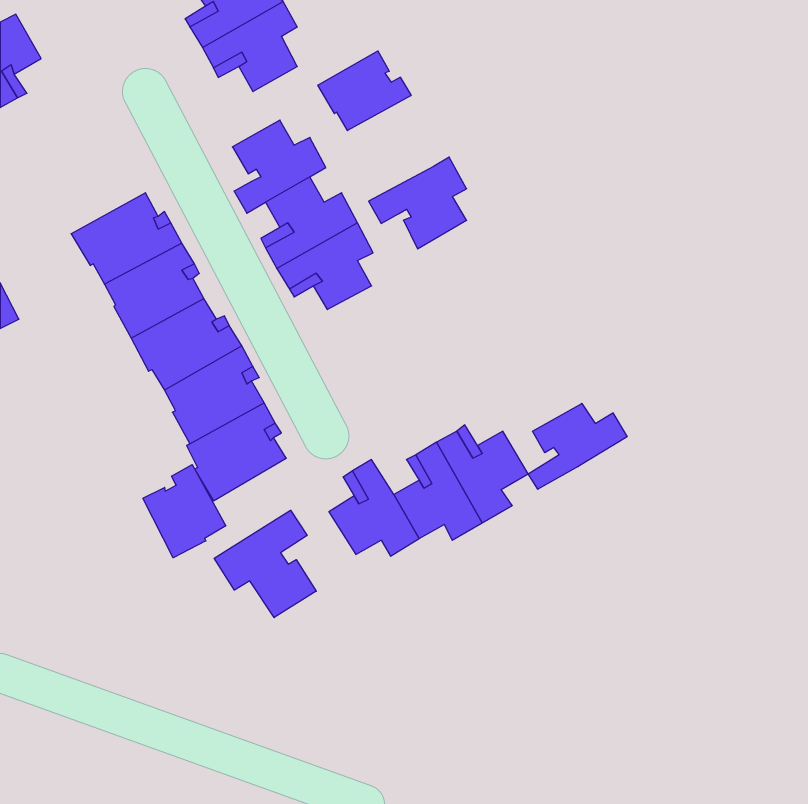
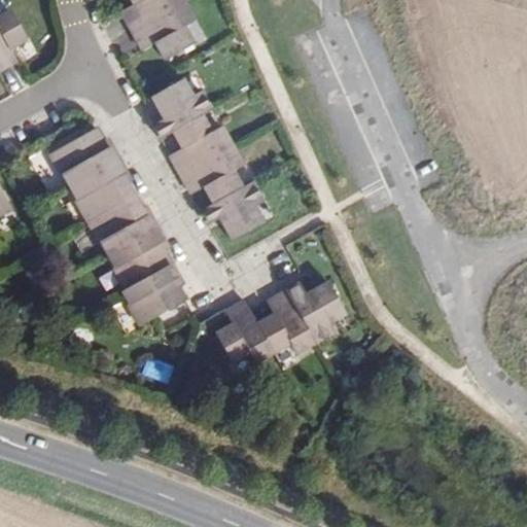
building: [318,51,411,131] -> none
building: [369,157,467,249] -> [200,180,264,240]
building: [528,403,627,489] -> none
building: [143,465,226,558] -> none
building: [214,510,316,618] -> none

